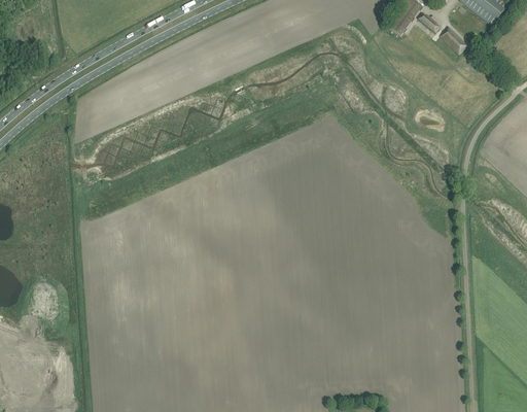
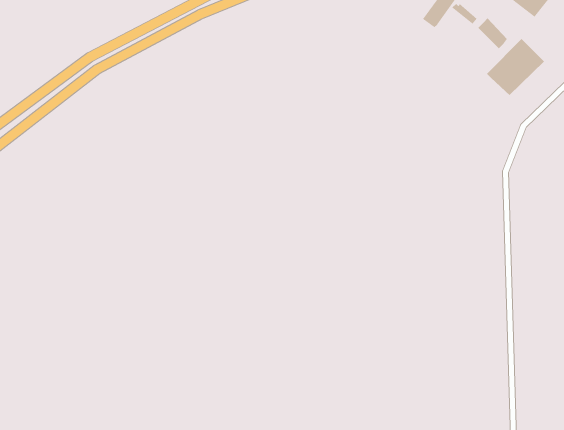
building: none -> [486,38,545,96]

